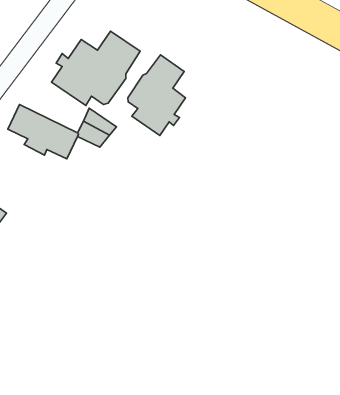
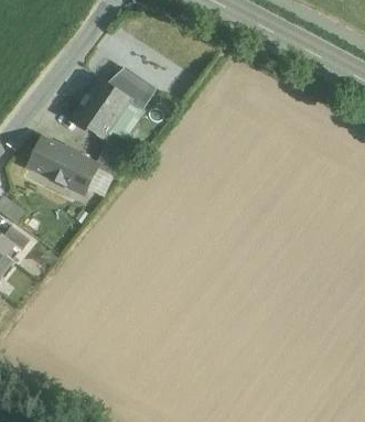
building: [128,55,186,136] -> none

